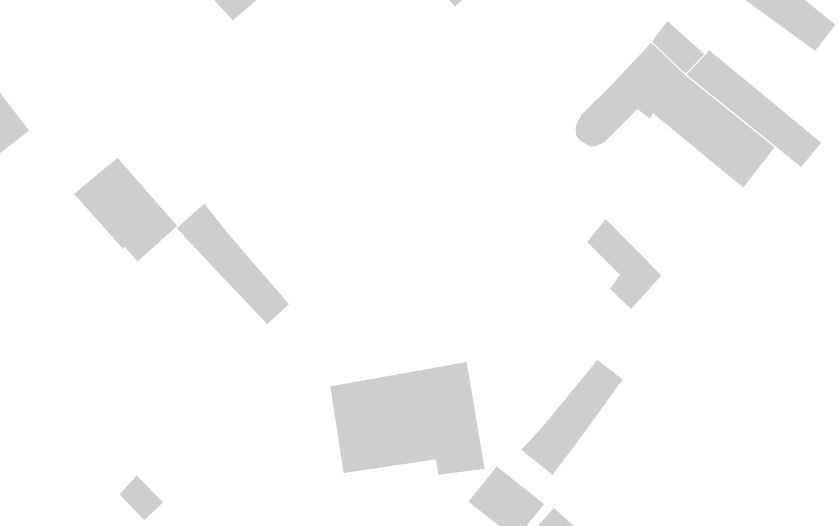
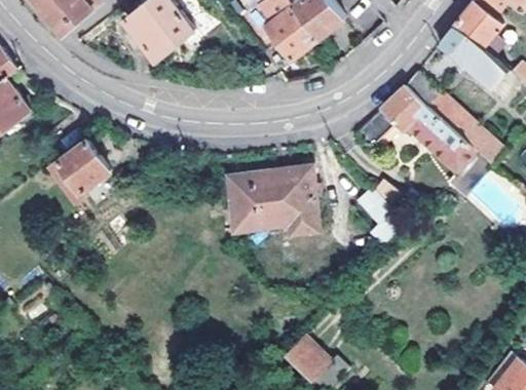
building: [176,203,290,325] -> none
building: [520,359,624,476] -> none
building: [329,362,486,475] -> [228,166,318,233]

